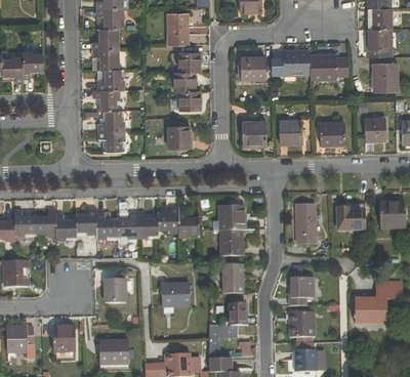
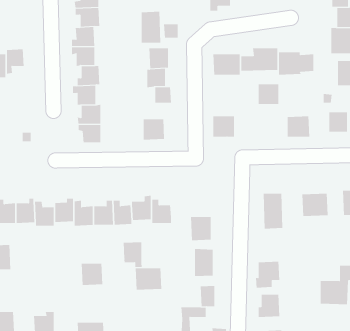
building: [280,122,302,143] -> [258,84,279,104]
building: [218,206,242,229] -> none
building: none -> [123,241,142,268]

